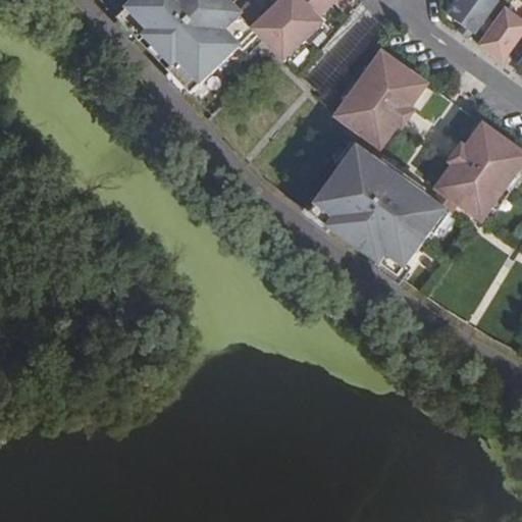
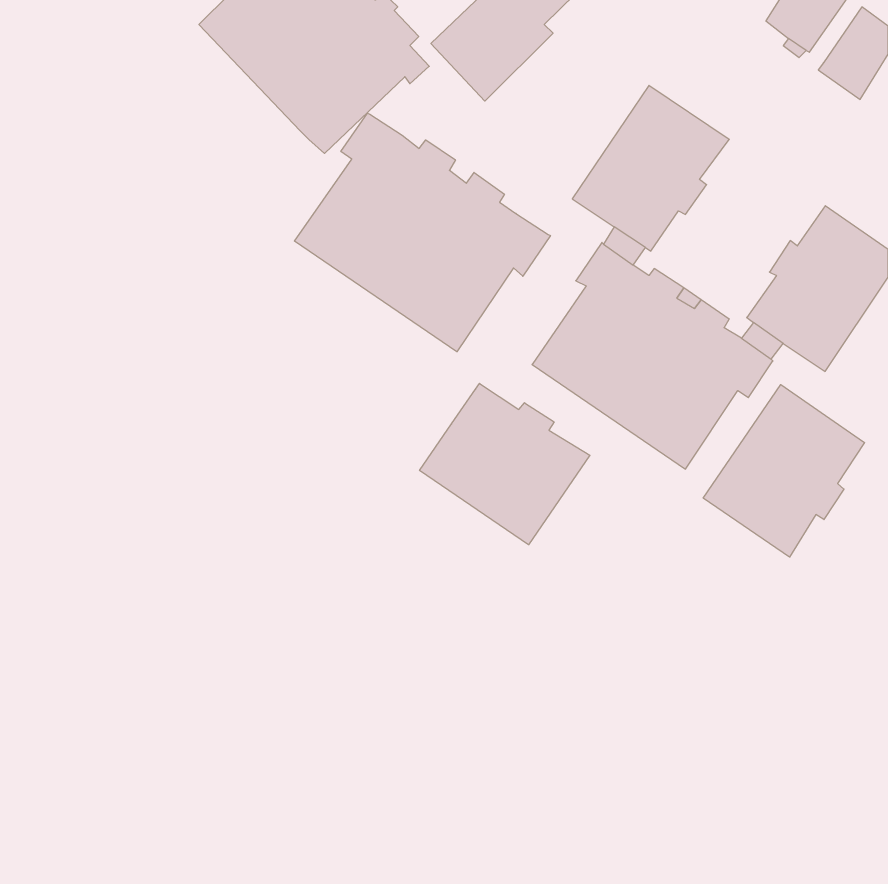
building: none -> [294,113,550,352]
building: none -> [420,383,590,545]
building: none -> [703,385,865,557]

